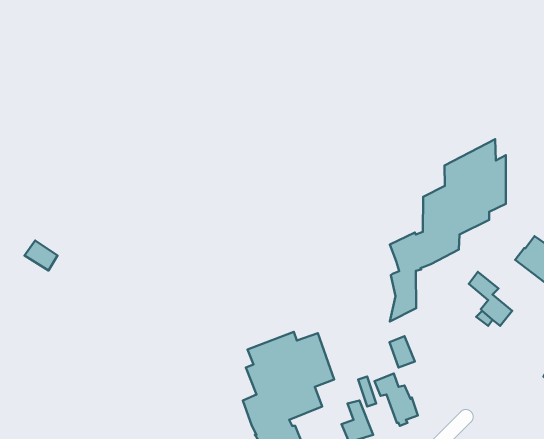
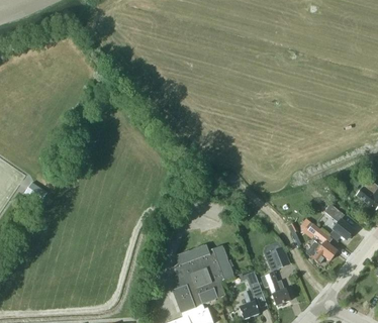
building: [390,139,506,322] -> none
building: none -> [305,224,338,263]

